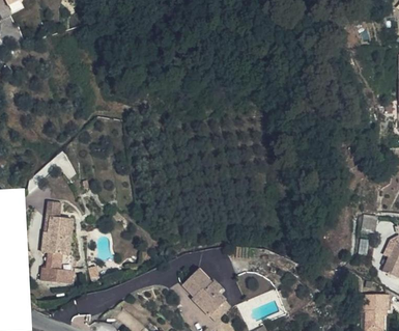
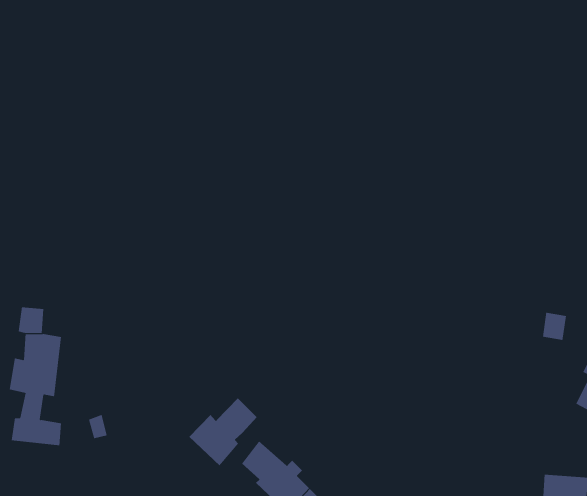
building: none -> [188,397,258,466]

